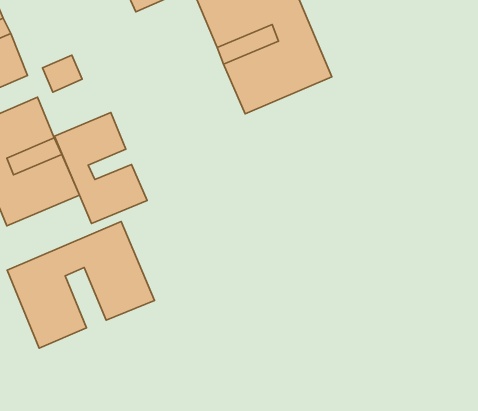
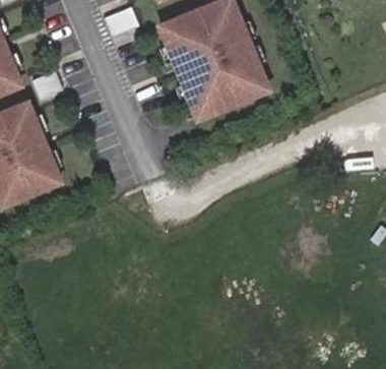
building: [54,112,147,223] -> none
building: [7,221,154,348] -> none

